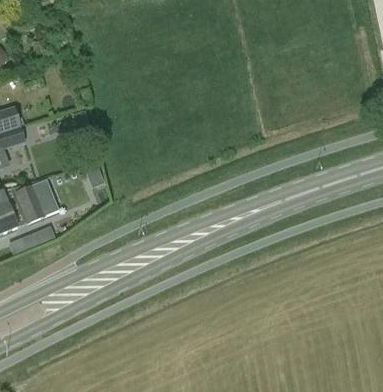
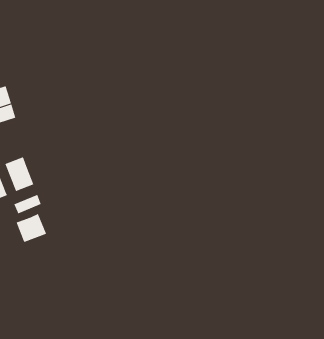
building: none -> [16,213,47,243]

